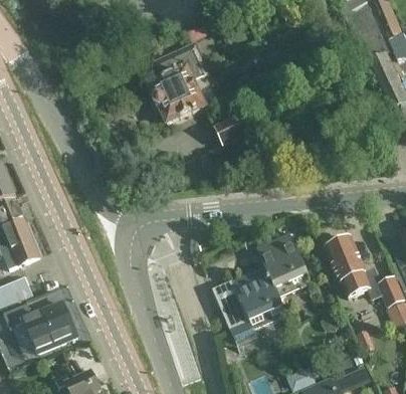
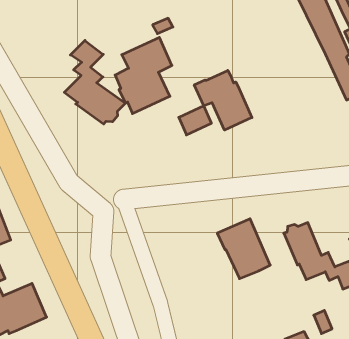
building: none -> [64,40,126,124]
building: none -> [194,70,252,130]
building: [212,264,286,350] -> none

